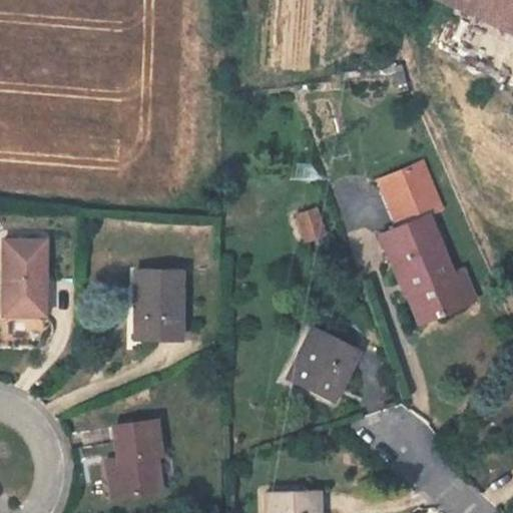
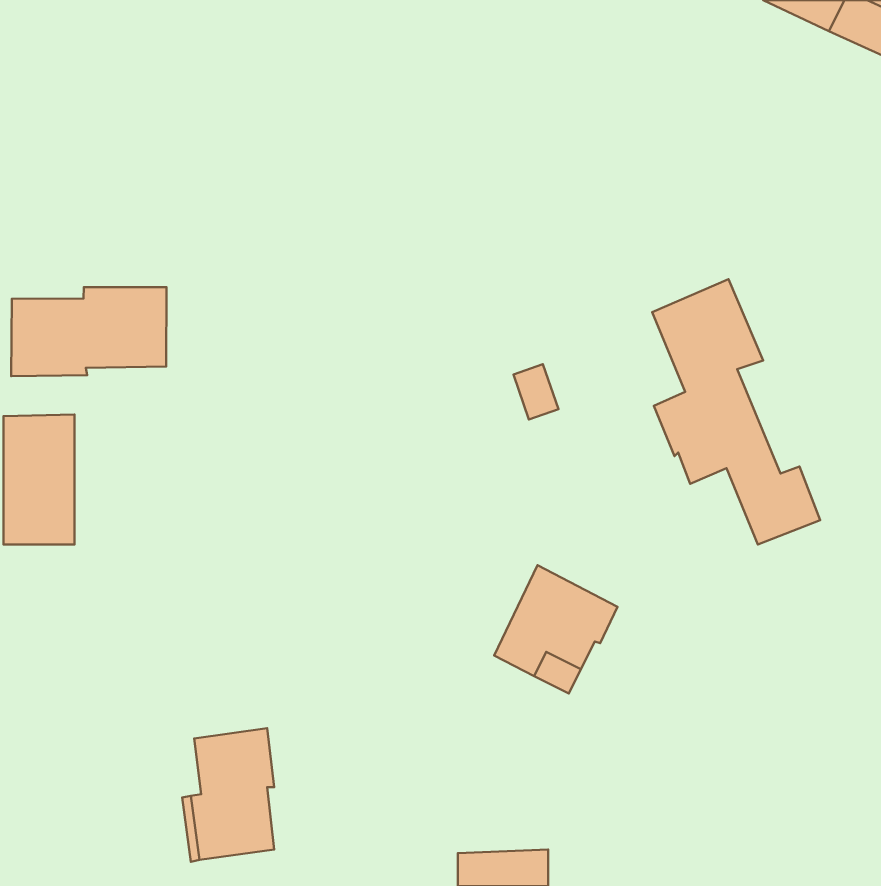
building: none -> [11,287,167,376]
building: [402,271,441,323] -> none
building: [137,272,181,340] -> none

